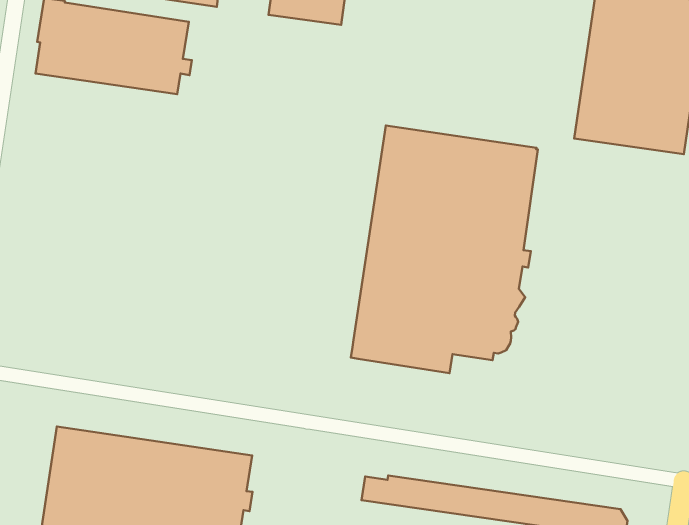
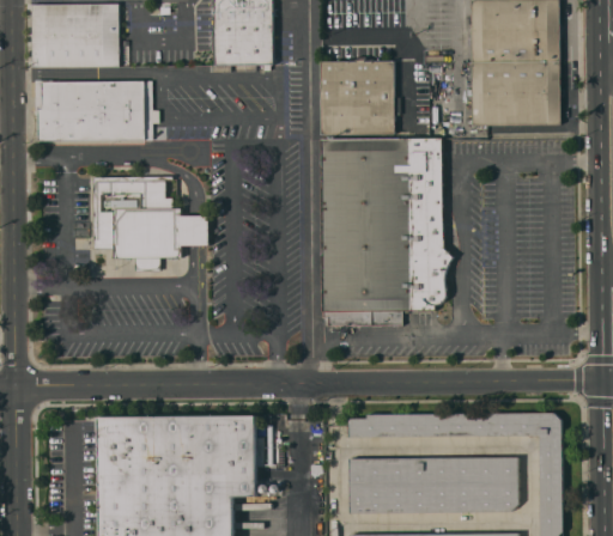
building: none -> [321,56,394,134]
building: none -> [93,176,208,270]

